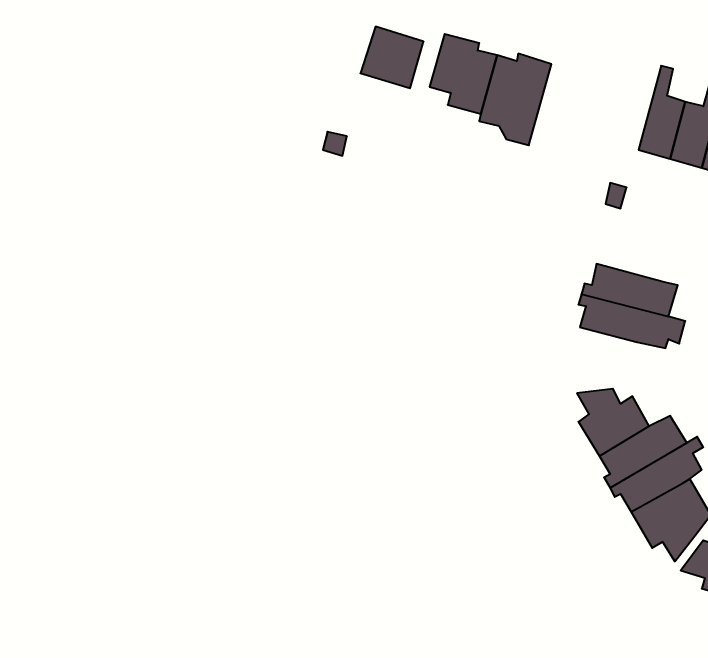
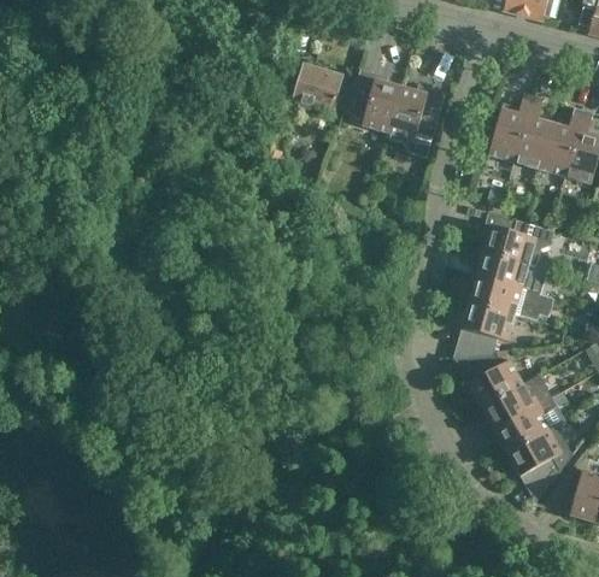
building: none -> [488,92,533,161]
building: none -> [480,216,553,267]
building: none -> [459,304,513,357]

